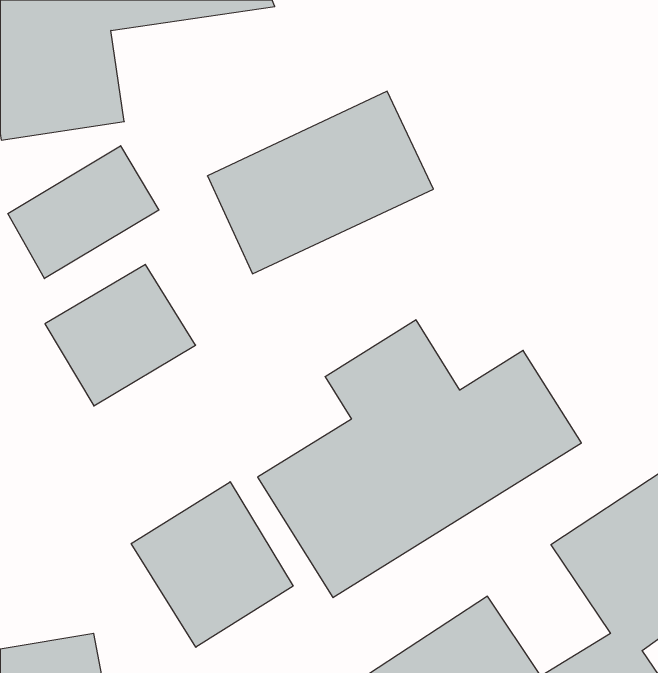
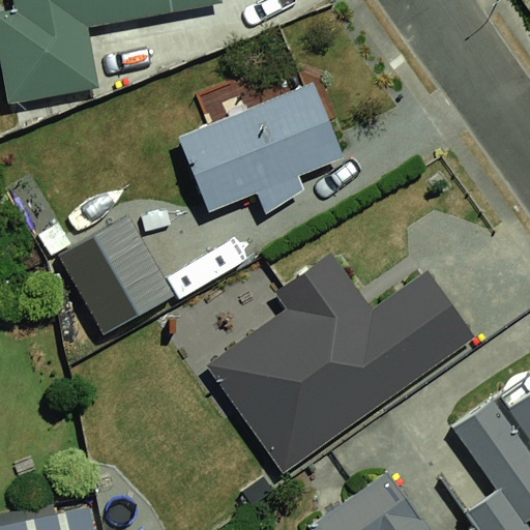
building: [8,146,159,279] -> none
building: [131,482,293,647] -> none

